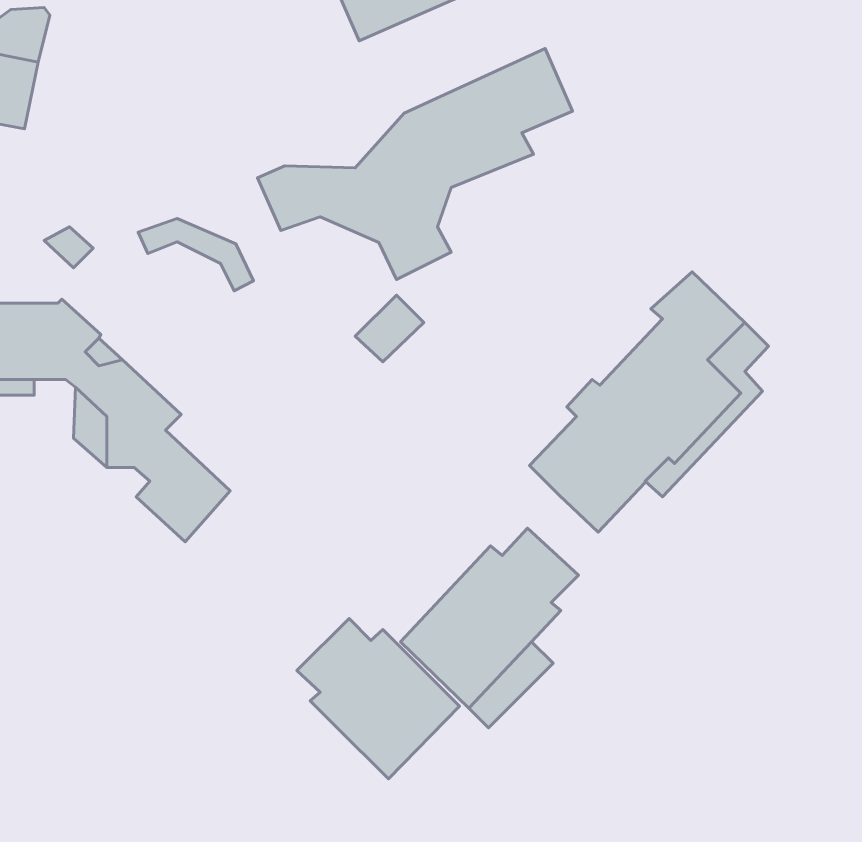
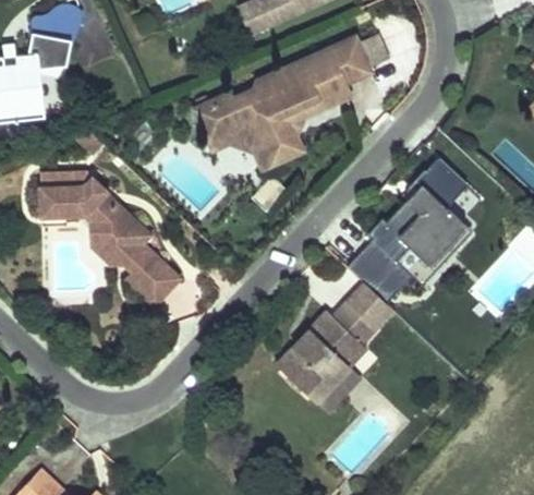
building: [138,218,254,291] -> [208,128,272,168]
building: none -> [345,282,391,327]
building: [297,619,459,779] -> none

